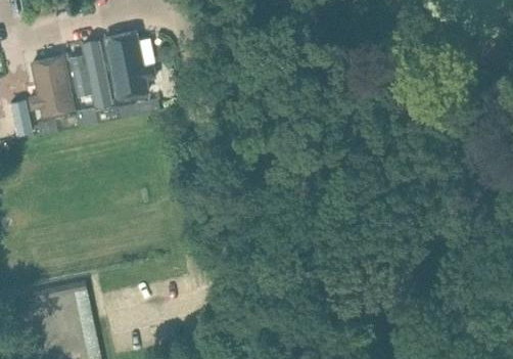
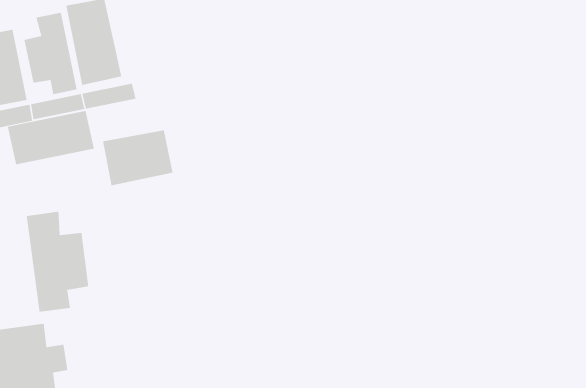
building: none -> [7,110,94,165]
building: none -> [103,130,173,186]
building: none -> [26,211,89,313]

